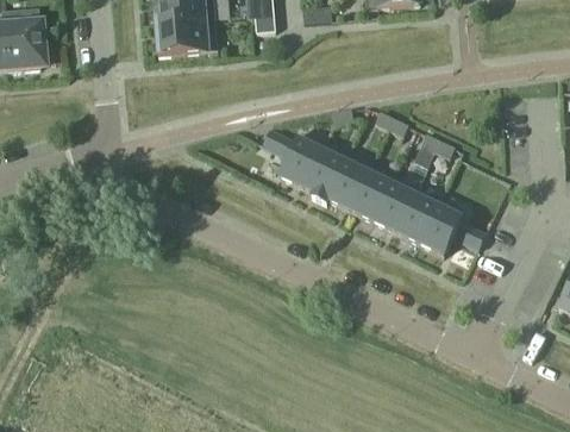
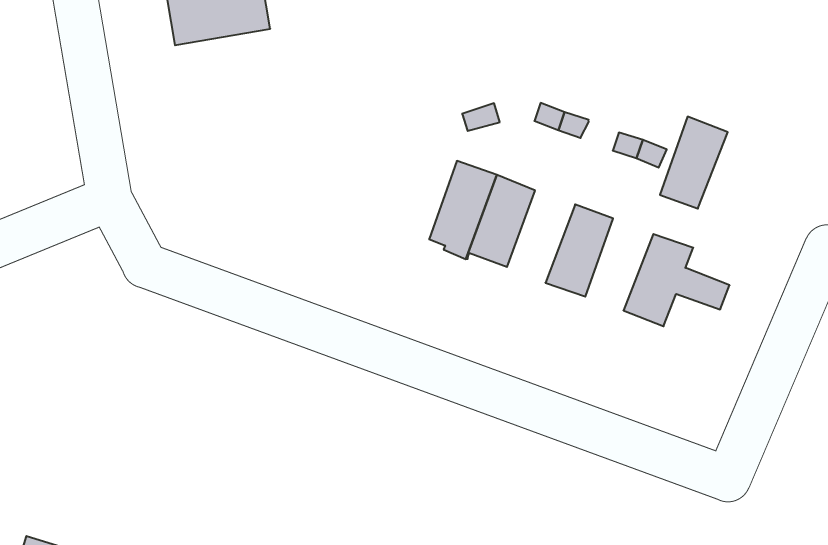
building: [262,131,324,189] -> none
building: [349,165,394,223] -> none
building: [395,187,440,244] -> [660,117,728,209]

